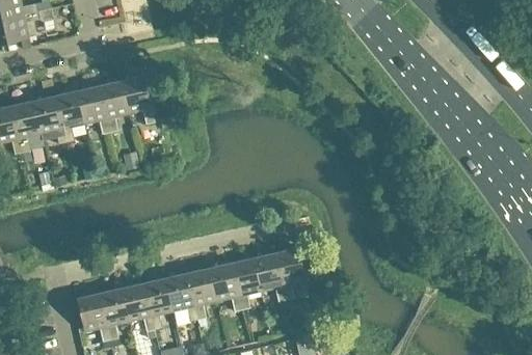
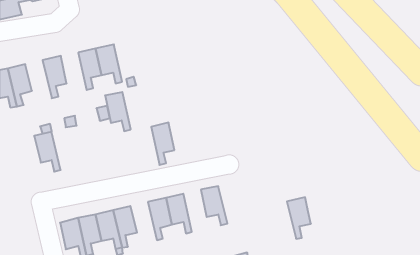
building: [77,86,109,135] -> [105,92,131,131]
building: [32,95,65,145] -> [34,132,61,172]
building: [274,248,304,300] -> [287,197,311,239]
building: [231,257,260,310] -> [151,123,174,165]
building: [164,273,197,323] -> none

